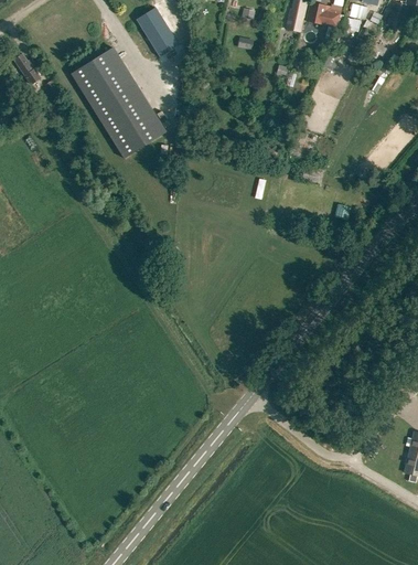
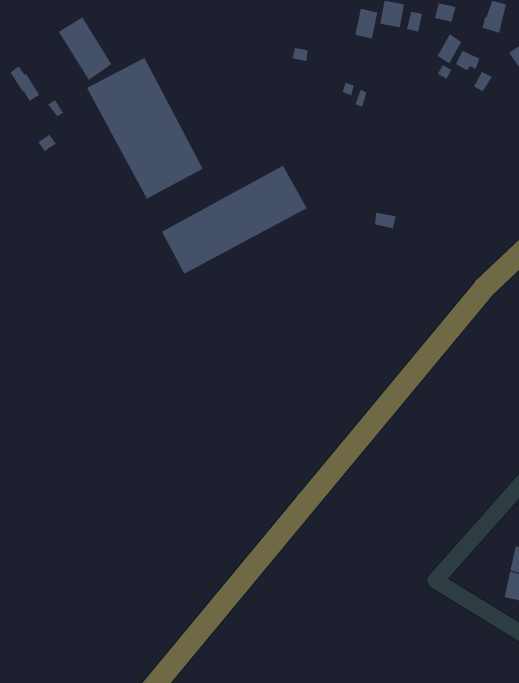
building: [136,7,179,57] -> [58,17,112,81]
building: none -> [161,165,307,275]

